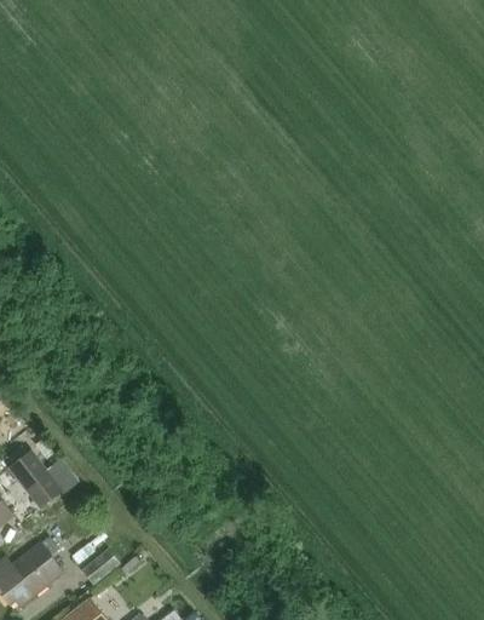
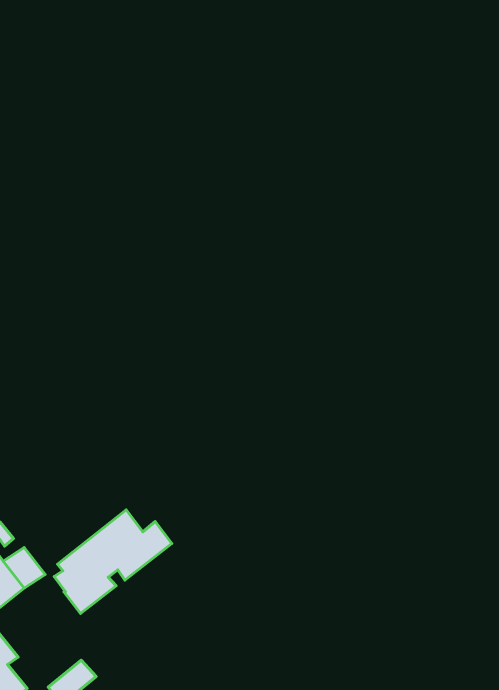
building: none -> [54,510,172,614]

